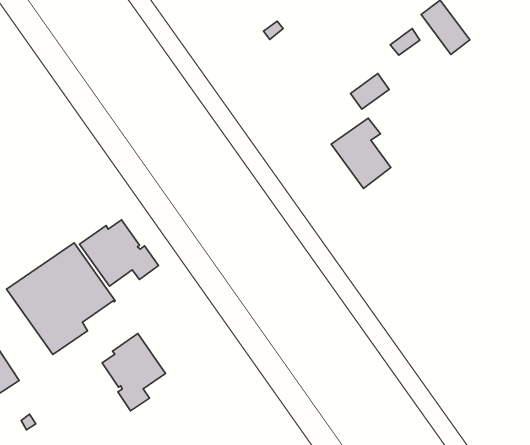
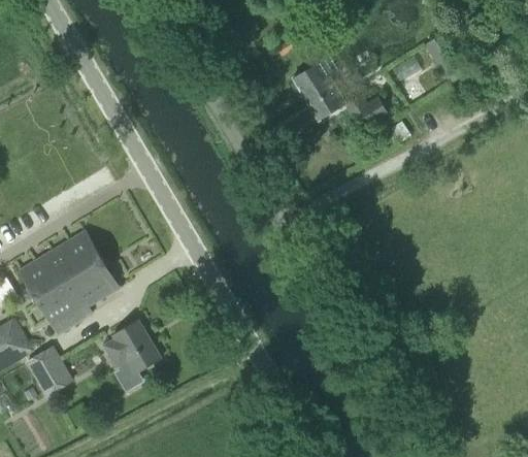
building: [331,118,391,189] -> [292,56,345,121]
building: [80,220,159,286] -> none
building: none -> [27,348,70,395]

